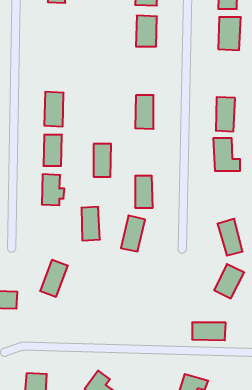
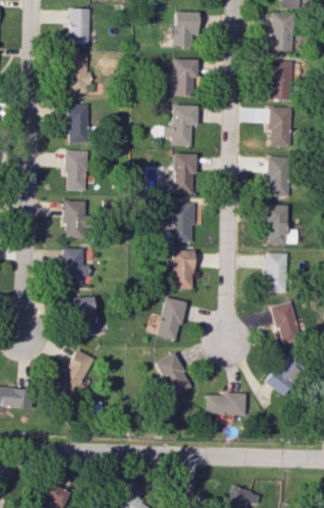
building: none -> [67,55,91,93]
building: none -> [67,104,89,143]
building: none -> [164,105,198,146]
building: none -> [269,107,292,147]
building: [94,144,111,177] -> [172,203,193,242]
building: none -> [265,252,287,293]
building: [81,207,100,240] -> [73,296,95,336]
building: none -> [154,352,191,398]
building: [192,323,226,340] -> [205,394,245,415]

